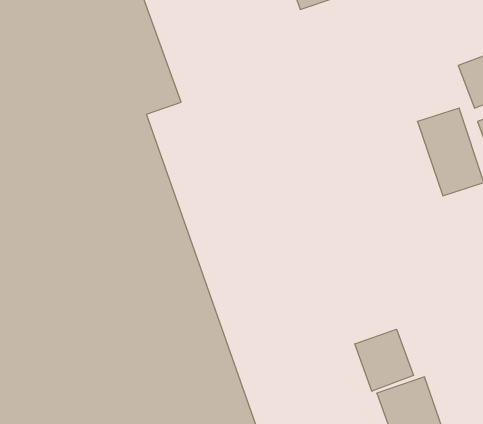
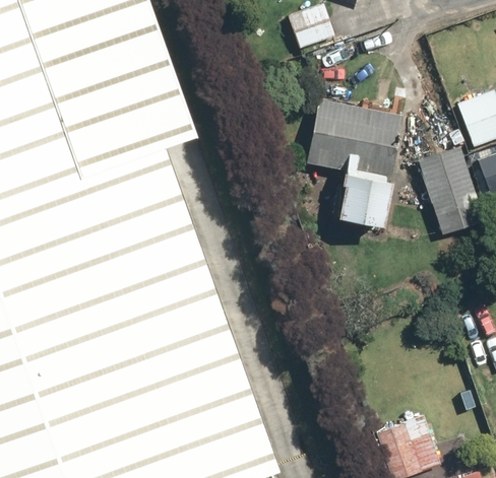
building: none -> [306,99,402,229]
building: [355,329,414,391] -> none

